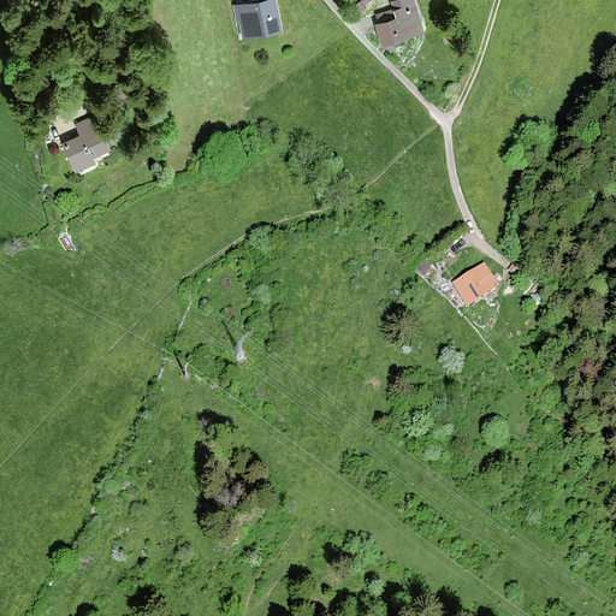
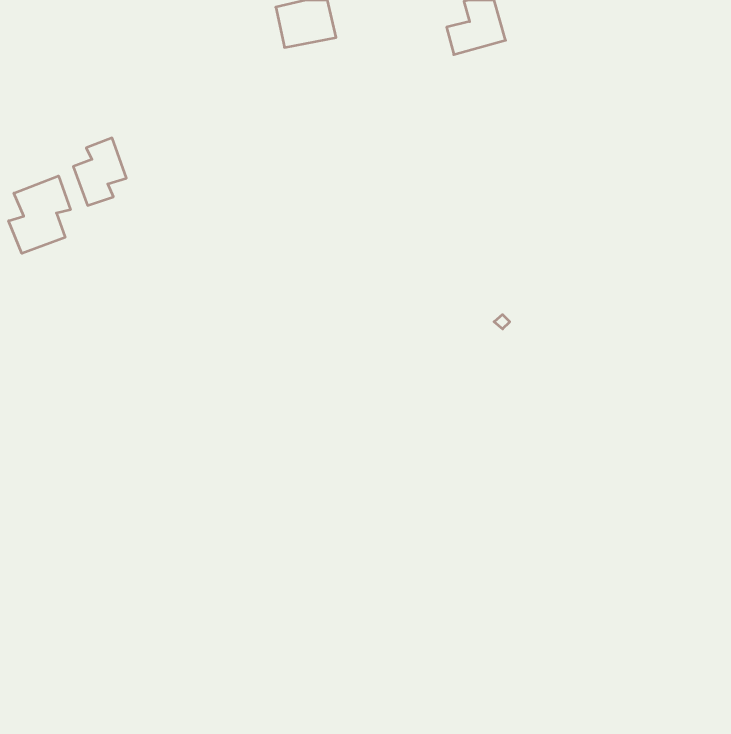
building: none -> [9,176,70,253]
building: [451,265,496,303] -> none

